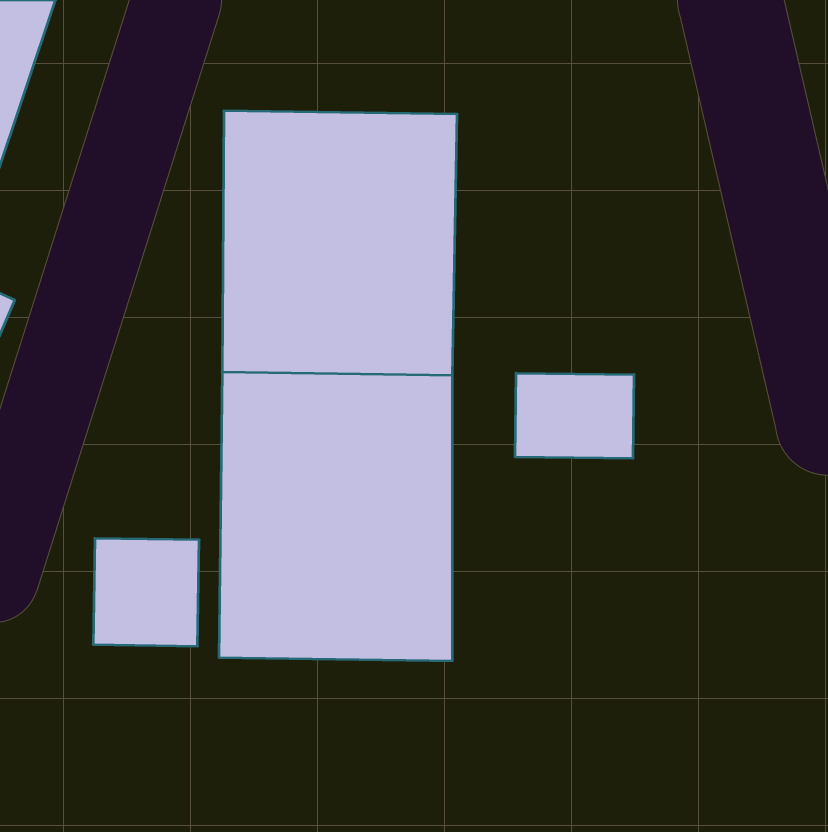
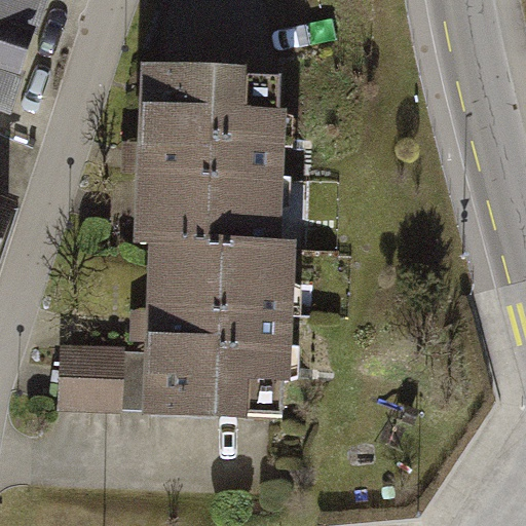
building: [515,373,634,458] -> none

